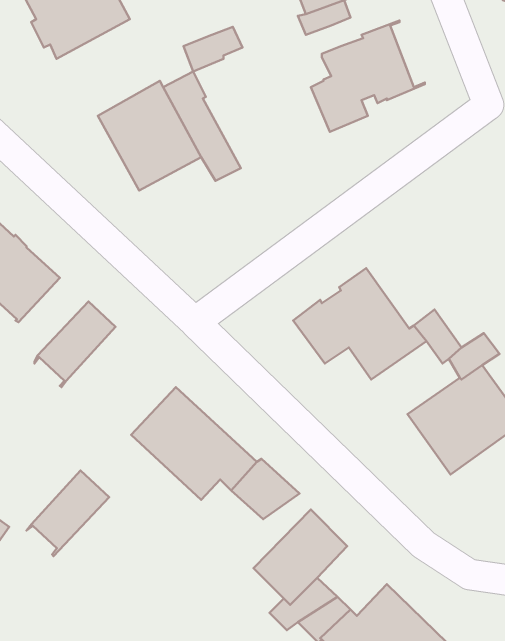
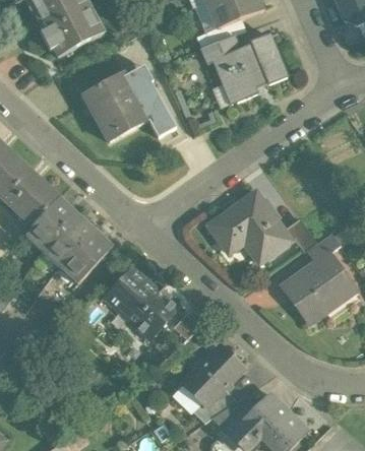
building: [184,27,242,71] -> [201,36,239,64]
building: none -> [25,196,77,251]
building: [27,470,109,556] -> [60,229,113,283]

